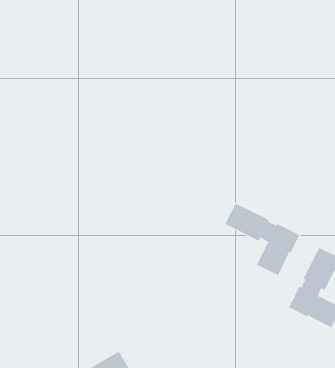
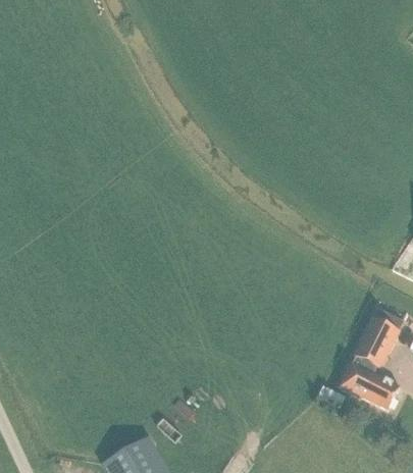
building: [224,203,300,276] -> none

